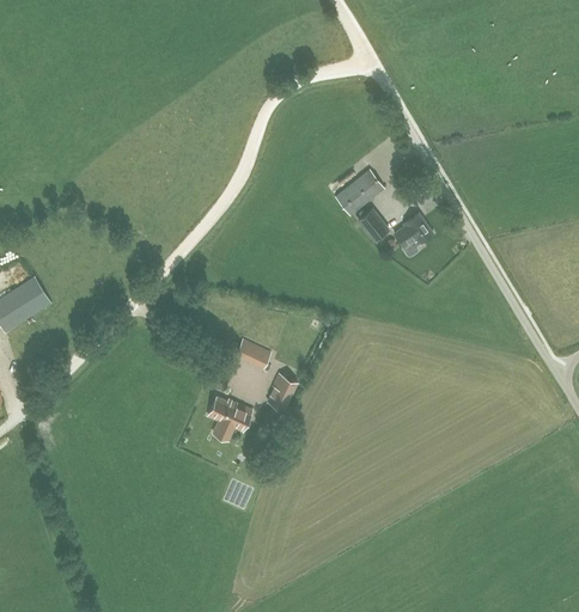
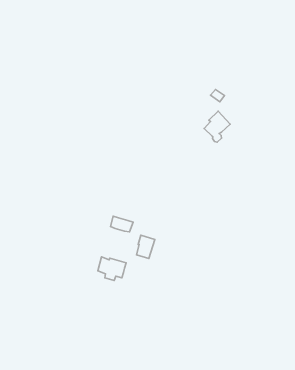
building: [335,169,384,214] -> none
building: [355,206,388,239] -> none

